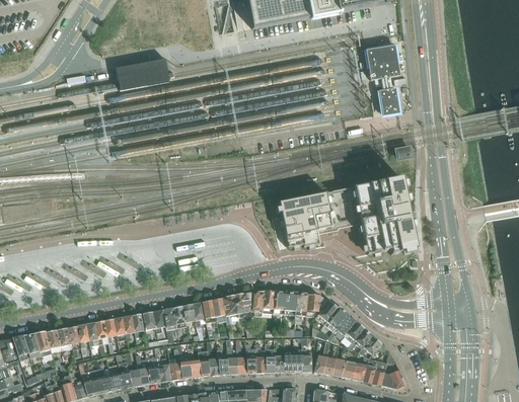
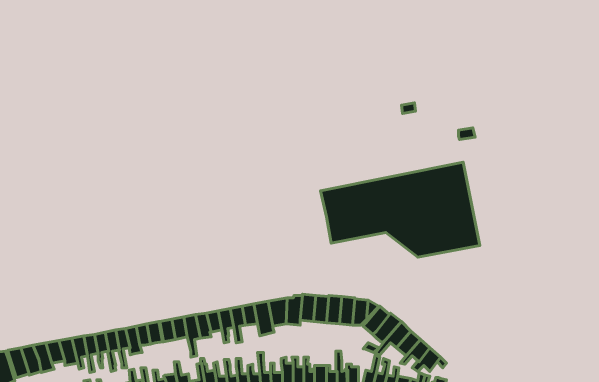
building: [365,45,399,114] -> none
building: [115,59,169,90] -> none

